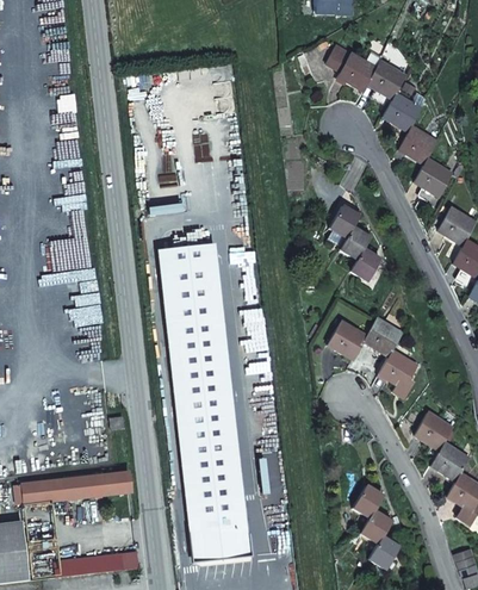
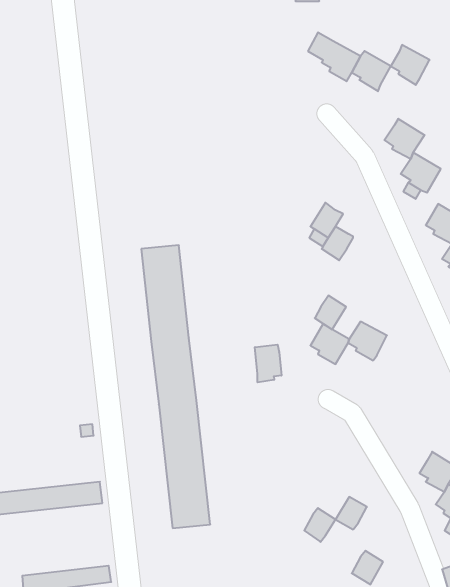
building: [385,93,422,131] -> [391,45,430,85]
building: [350,249,380,281] -> [315,296,346,329]
building: none -> [255,345,281,382]
building: [380,350,417,389] -> none
building: [416,411,454,451] -> none
building: [195,510,250,560] -> none
building: [361,510,391,542] -> [304,508,336,542]

